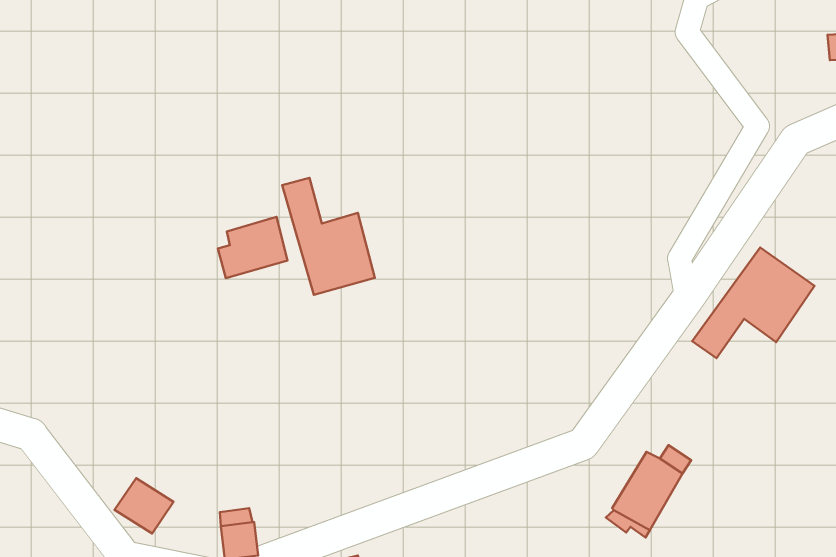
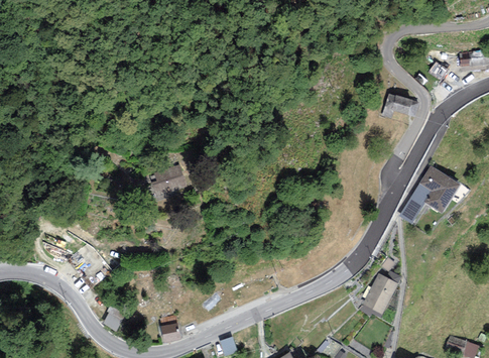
building: none -> [381,94,418,119]
building: [282,178,375,295] -> none

